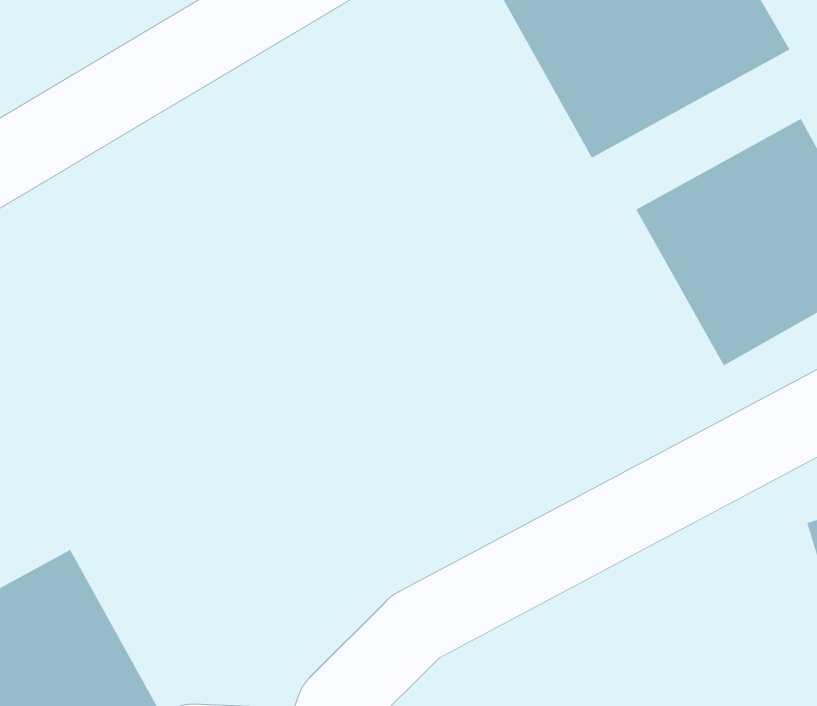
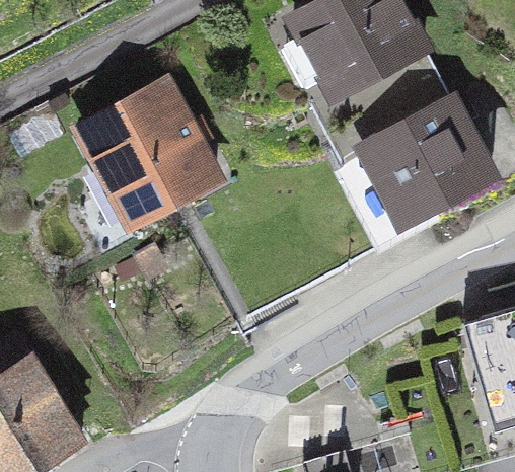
building: none -> [83,70,243,237]

